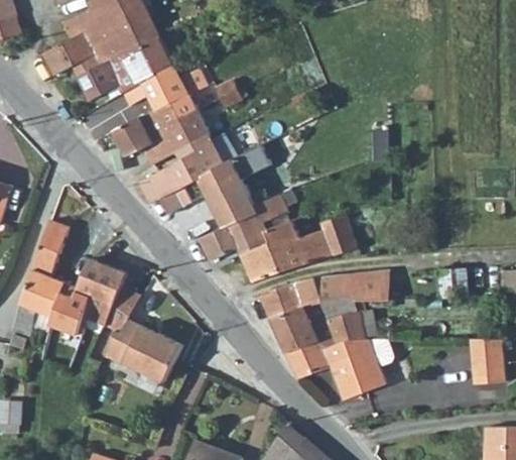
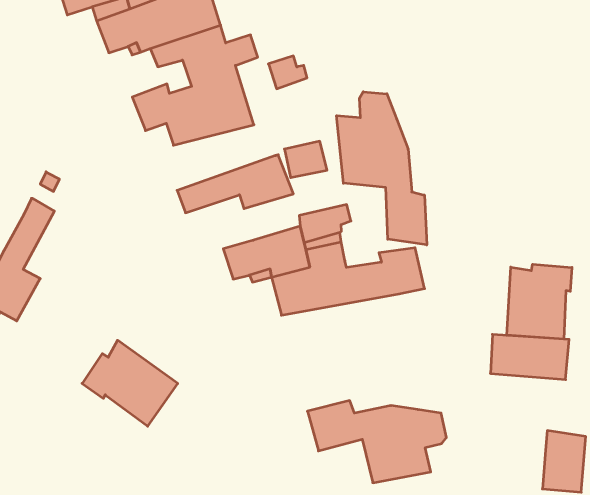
building: none -> [337,92,427,245]
building: [137,135,230,202] -> none
building: [212,187,257,227] -> none
building: none -> [507,264,572,339]
building: [50,259,139,352] -> none
building: [260,269,386,352] -> none

